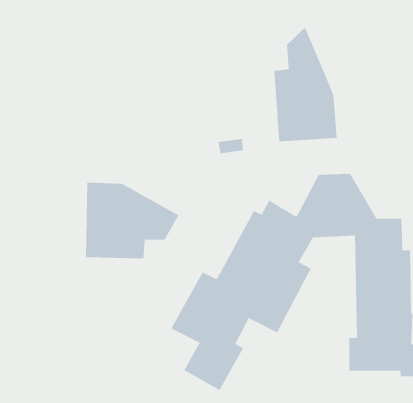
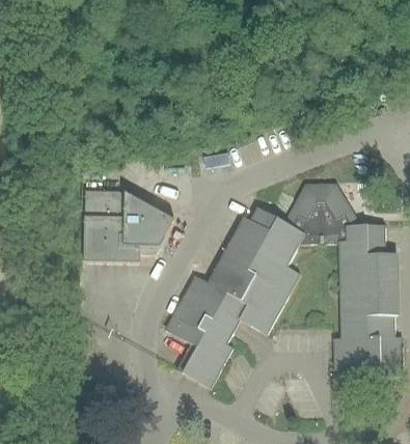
building: [274,26,337,142] -> none

